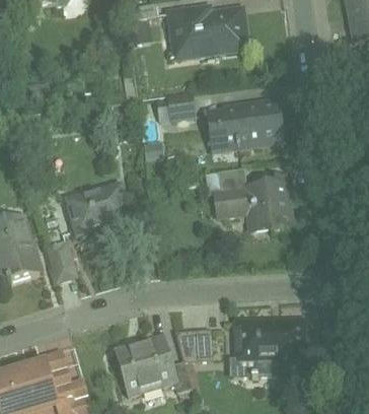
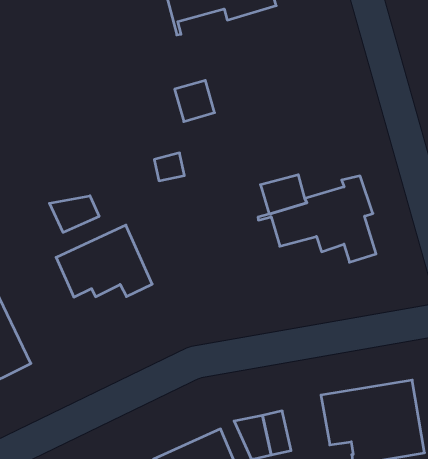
building: [205,99,282,149] -> none
building: none -> [49,196,99,232]
building: [47,240,74,278] -> none

